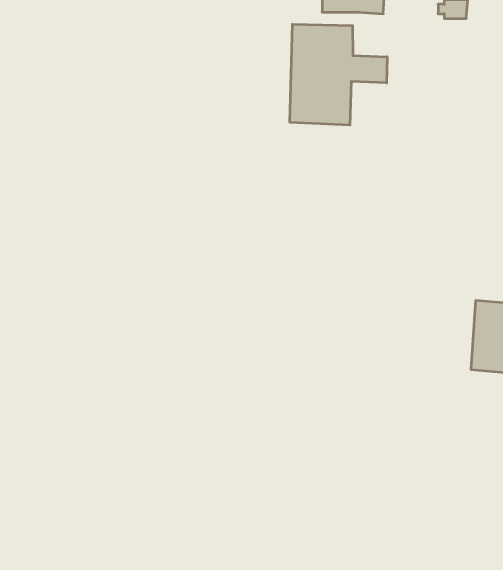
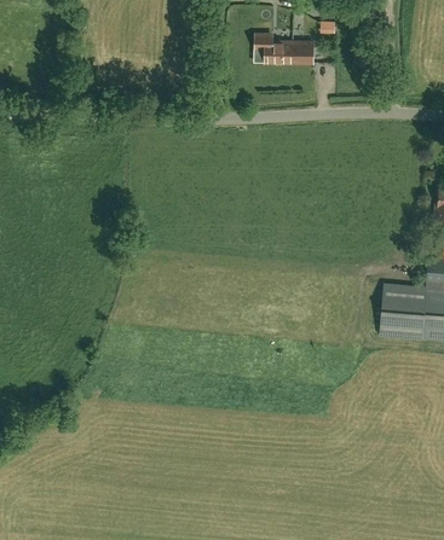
building: [290,24,387,125] -> none

